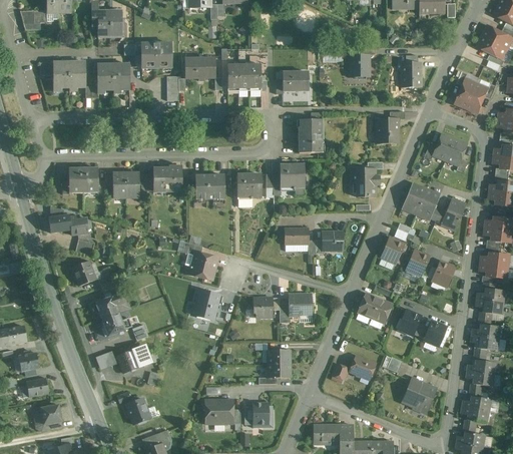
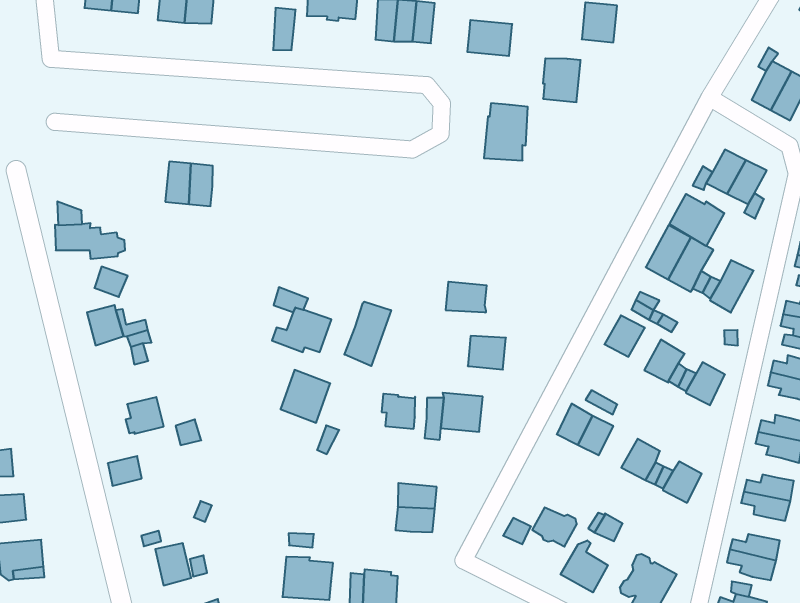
building: [401,62,421,86] -> none
building: [377,117,398,142] -> [543,58,581,102]
building: none -> [669,194,724,246]
building: [280,164,305,188] -> none
building: [152,165,182,190] -> none
building: [68,166,97,191] -> none
building: [351,167,379,196] -> none
building: [236,173,262,198] -> none
building: [194,174,223,198] -> none
building: [322,231,343,250] -> [468,336,506,370]
building: none -> [344,302,391,366]
building: [93,293,125,319] -> none
building: [117,345,150,372] -> none
building: none -> [561,540,608,592]

